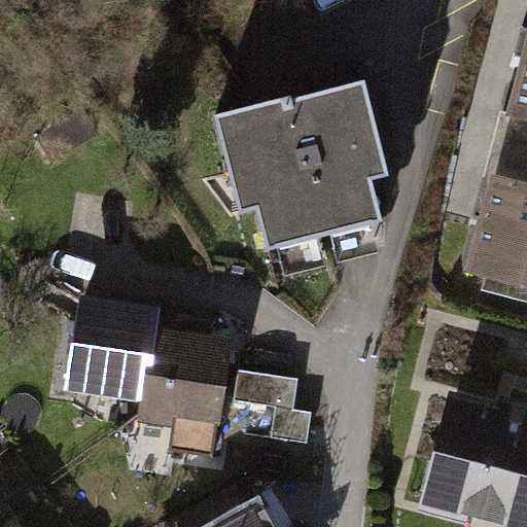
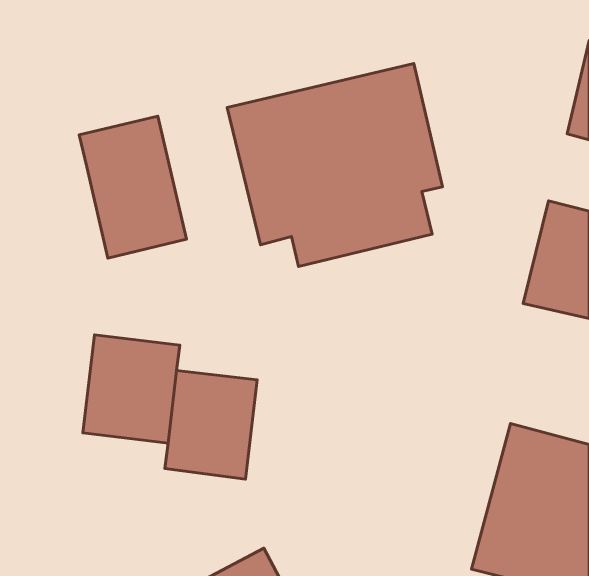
building: none -> [79,116,187,258]
building: [239,383,303,437] -> none

